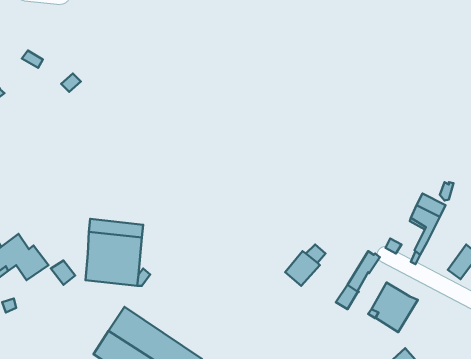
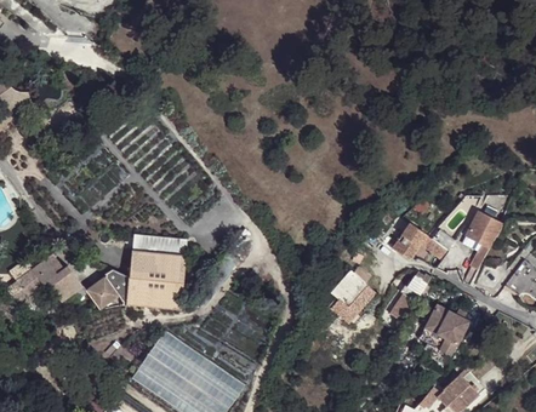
building: none -> [395,224,447,258]
building: none -> [99,269,125,303]

